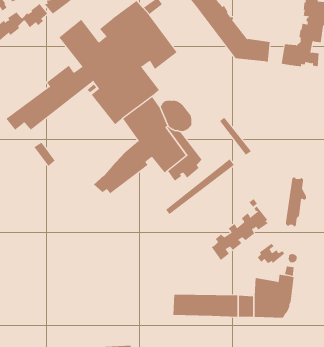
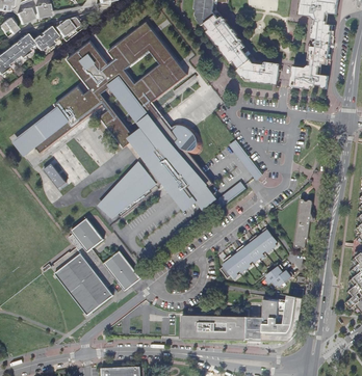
building: none -> [50,217,140,314]

